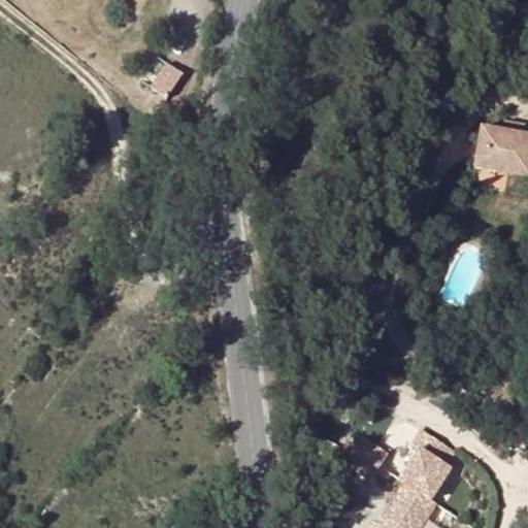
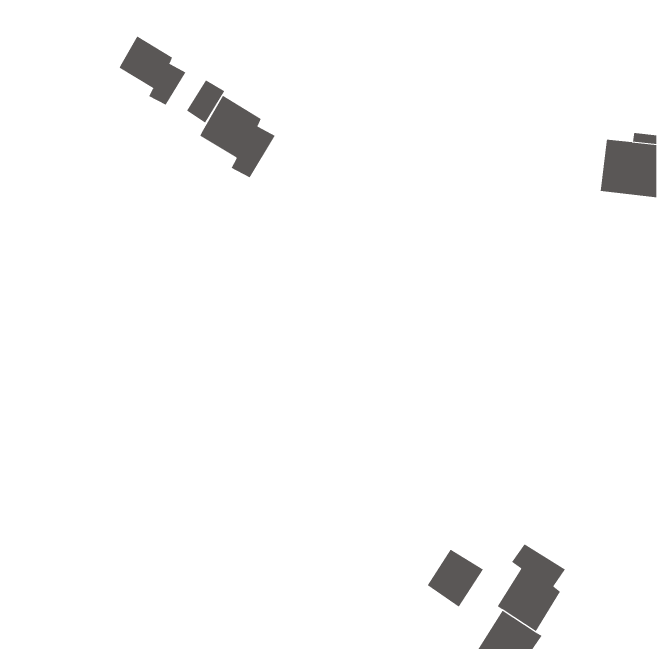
building: none -> [119,36,186,106]
building: none -> [200,95,276,178]

